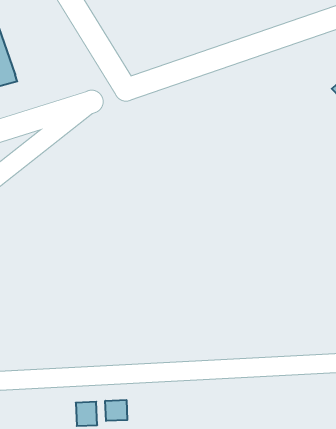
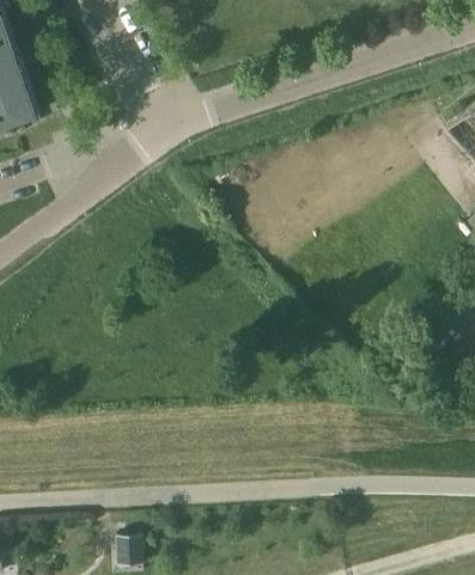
building: [105,400,127,421] -> none

